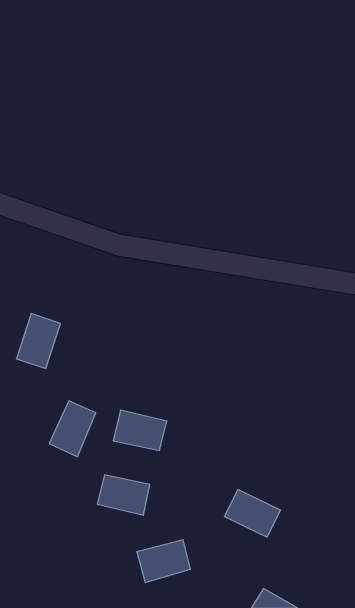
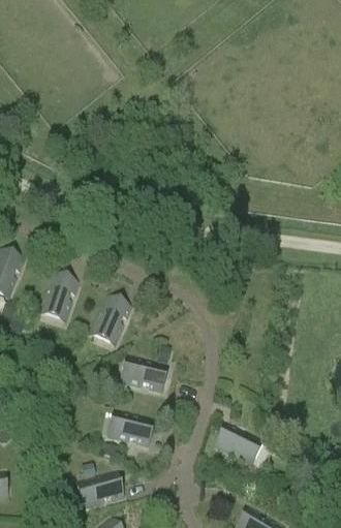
building: [49,401,96,457] -> [90,297,129,344]
building: [137,540,191,582] -> [75,471,121,507]

